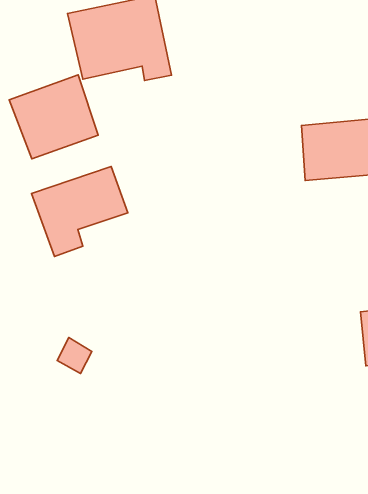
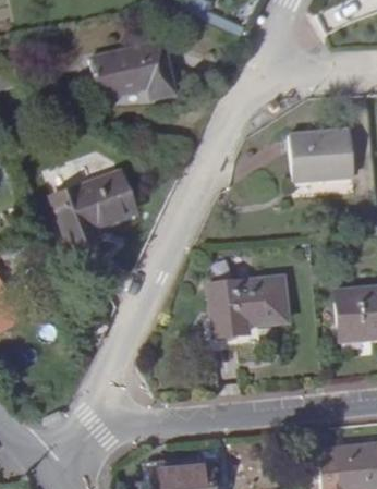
building: [9,75,98,159] -> none
building: none -> [206,279,287,339]

